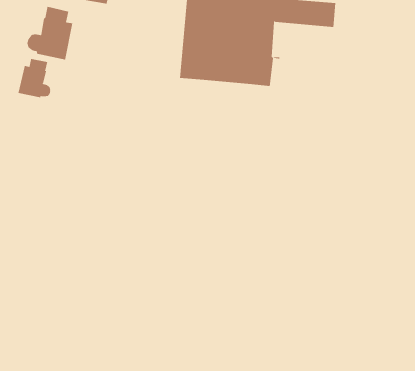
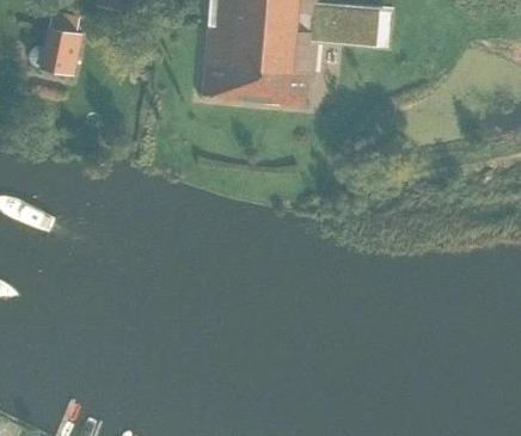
building: [18,58,51,98] -> none

